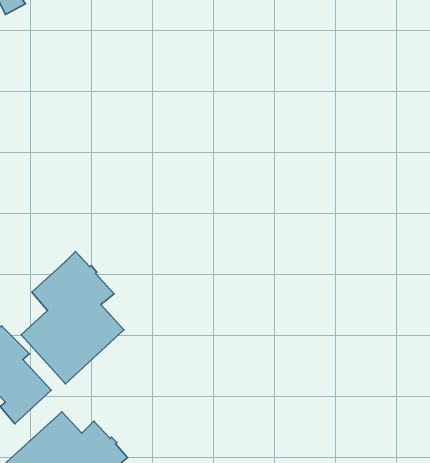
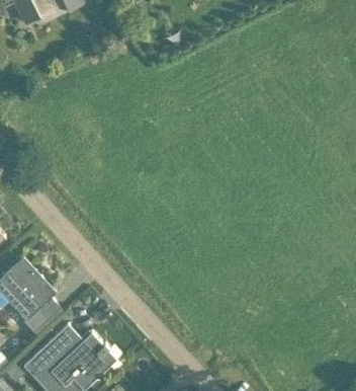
building: [21,252,124,384] -> none

